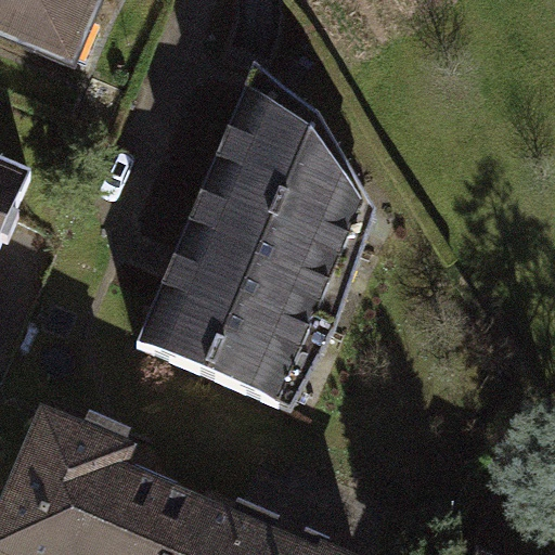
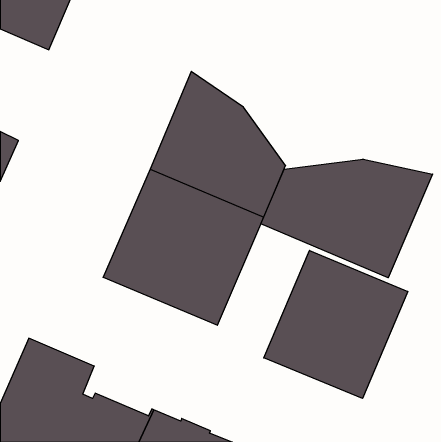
building: none -> [261,159,433,278]
building: none -> [264,250,408,398]

